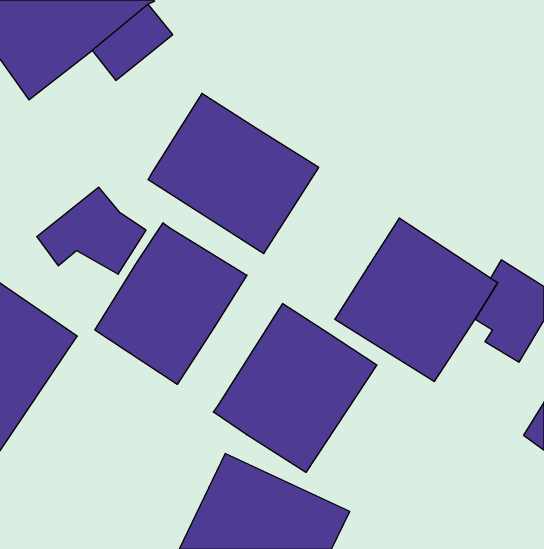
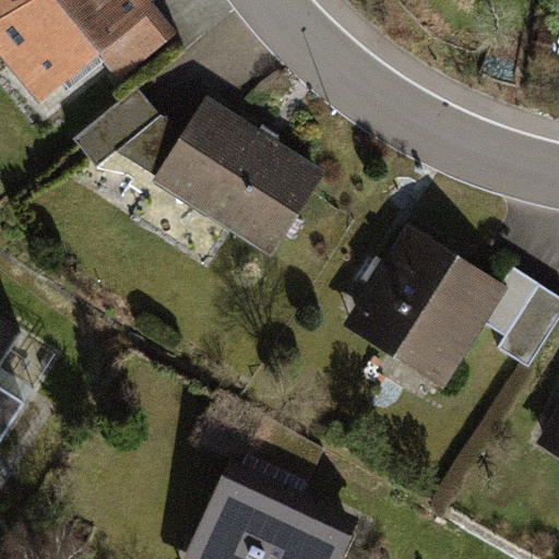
building: [37,187,146,274] -> [72,86,183,175]
building: [95,223,247,384] -> none
building: [213,303,377,472] -> none

